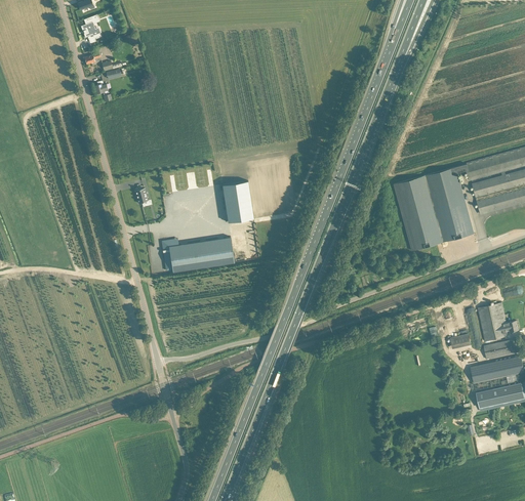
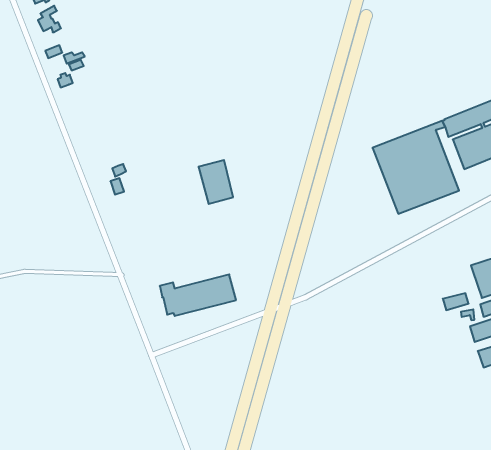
building: [161,238,234,273] -> [160,274,236,316]

